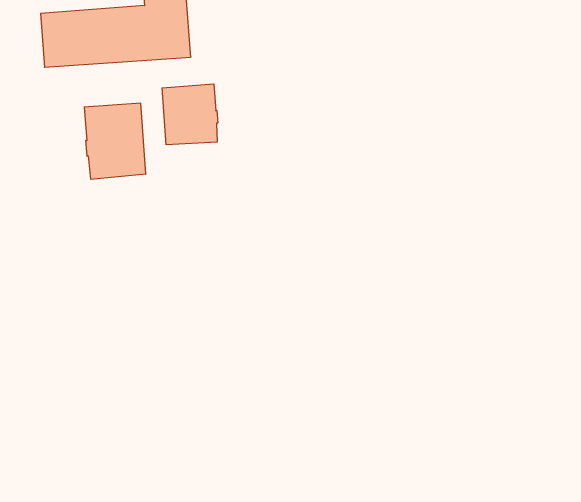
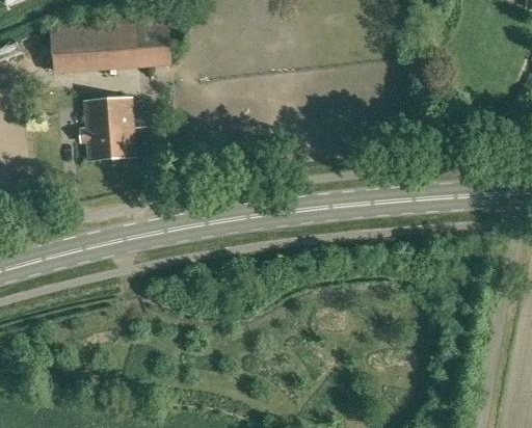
building: [162,84,218,145] -> none

